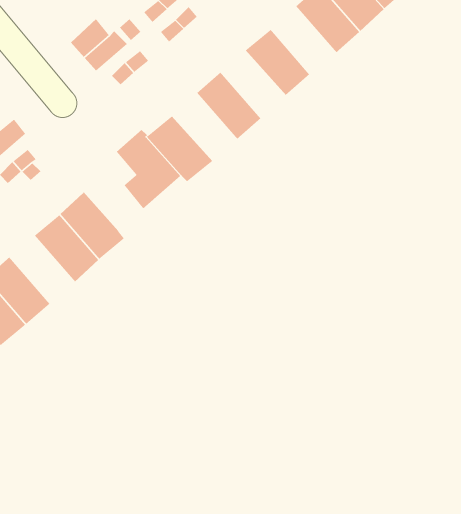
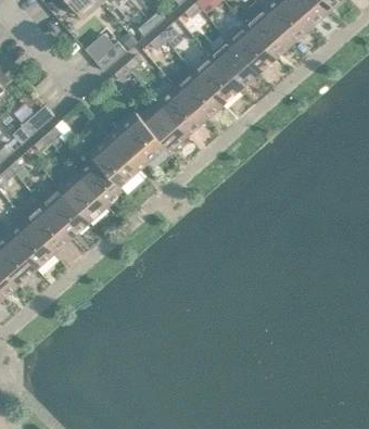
building: none -> [229,24,276,73]
building: none -> [193,55,240,104]
building: none -> [158,86,205,135]
building: none -> [90,128,138,185]
building: none -> [42,188,89,237]

